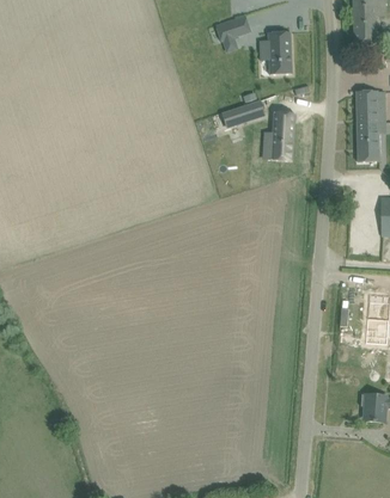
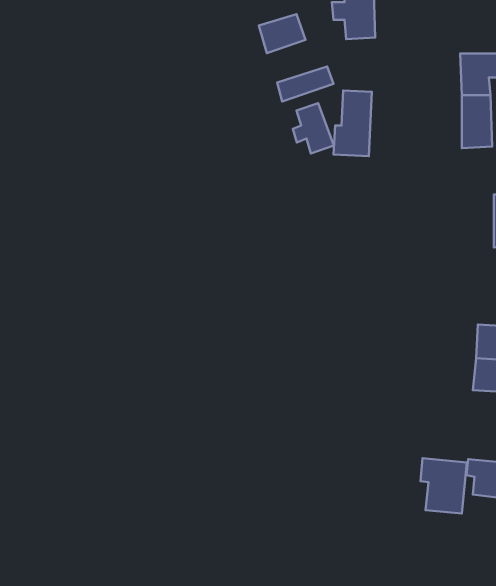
building: none -> [259,14,305,53]
building: none -> [293,103,334,153]
building: none -> [420,458,467,514]

